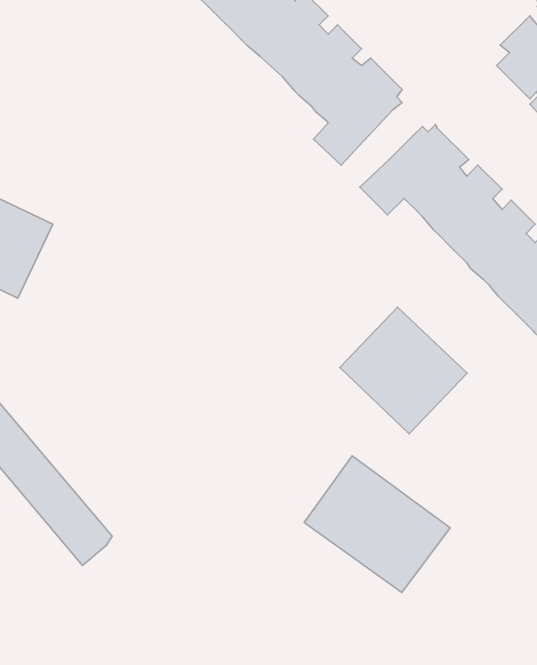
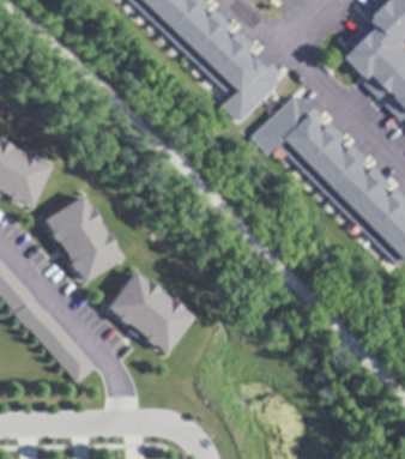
building: none -> [41,191,123,284]
building: [340,307,467,434] -> none
building: [304,456,450,592] -> [102,267,197,356]

